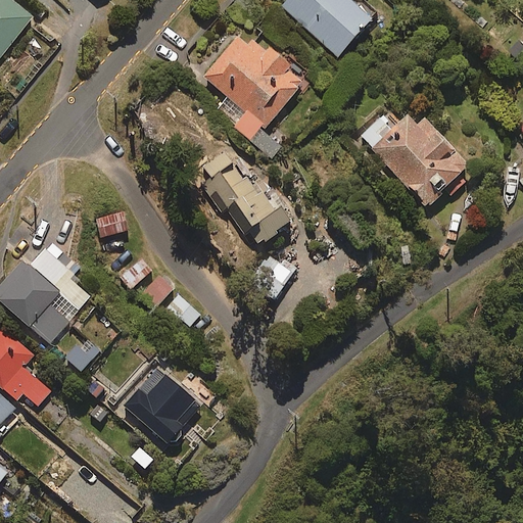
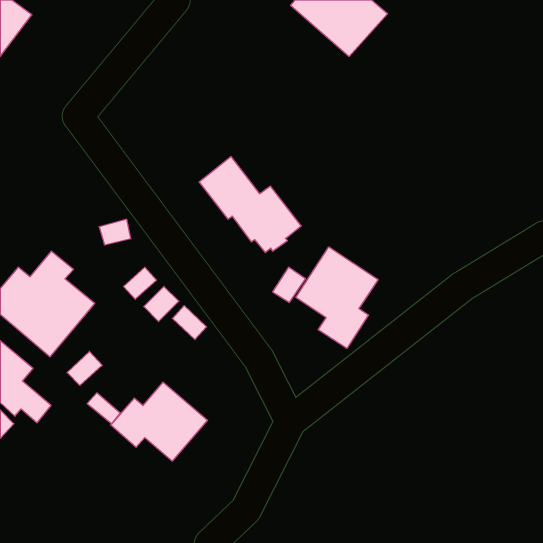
building: [200,32,306,159] -> none
building: [361,113,467,204] -> none
building: none -> [296,247,378,348]

